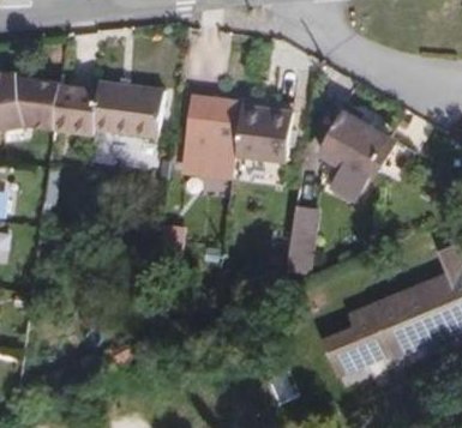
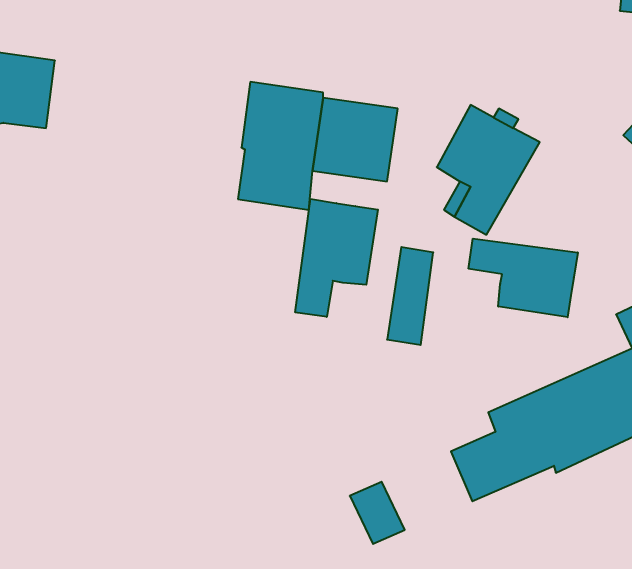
building: [54,84,163,138] -> none
building: none -> [295,199,378,317]
building: none -> [469,239,578,317]

